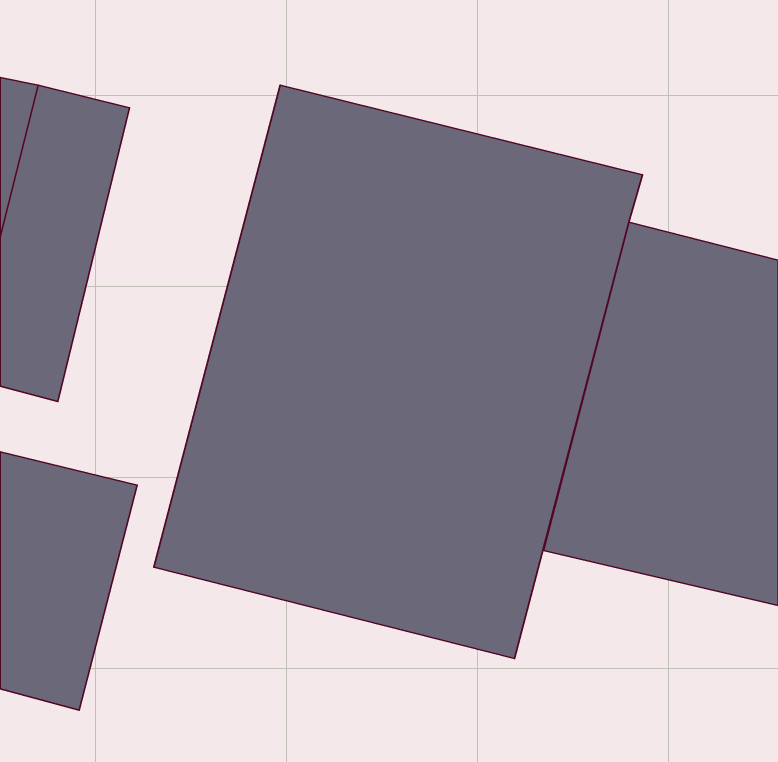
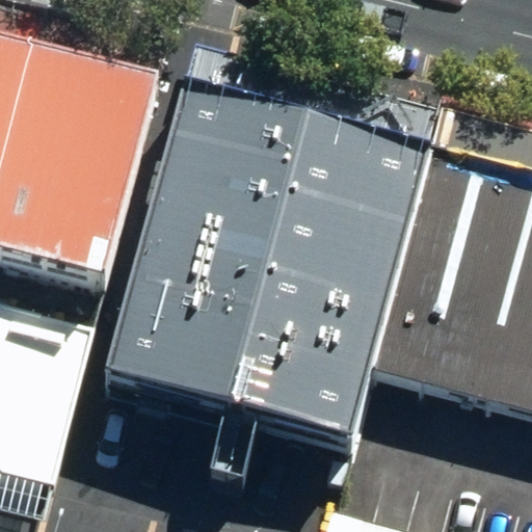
building: none -> [39,74,157,289]

